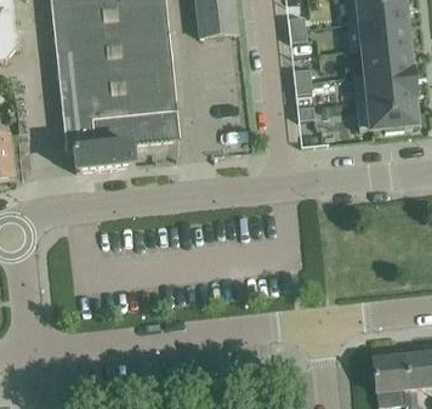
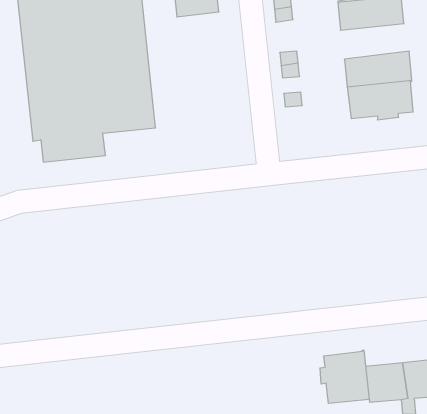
building: [349,42,413,75] -> none
building: none -> [320,350,369,403]

